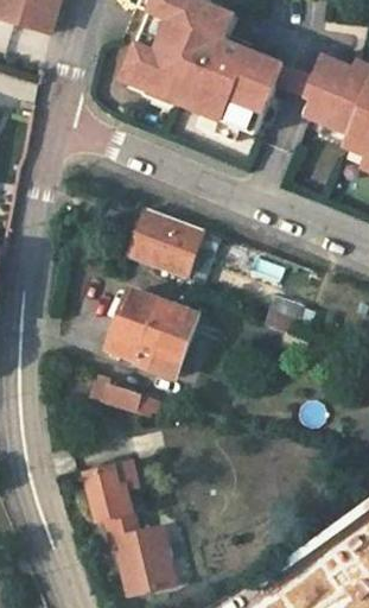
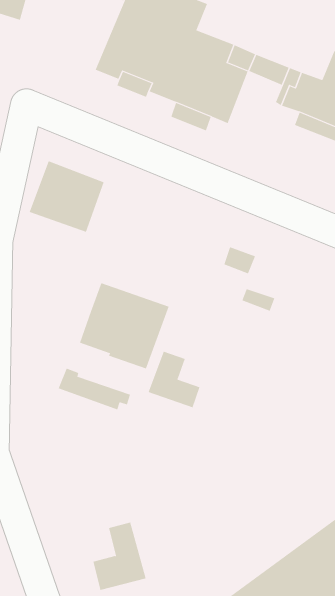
building: [127,208,202,279] -> [29,160,104,232]
building: none -> [148,351,200,408]
building: [85,463,144,566] -> none

